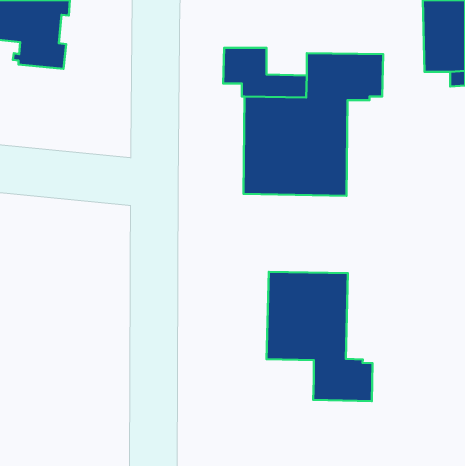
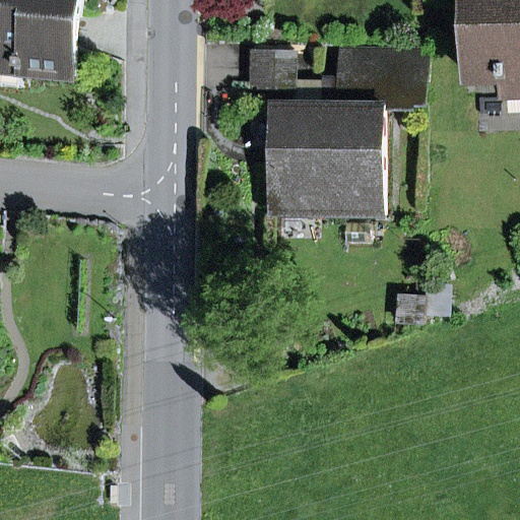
building: [267,272,373,401] -> none

